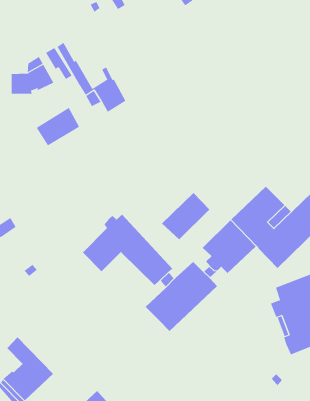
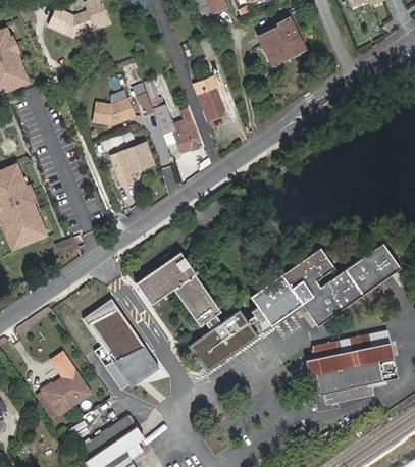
building: none -> [199,75,225,120]
building: [161,192,210,240] -> none
building: none -> [83,299,159,391]

